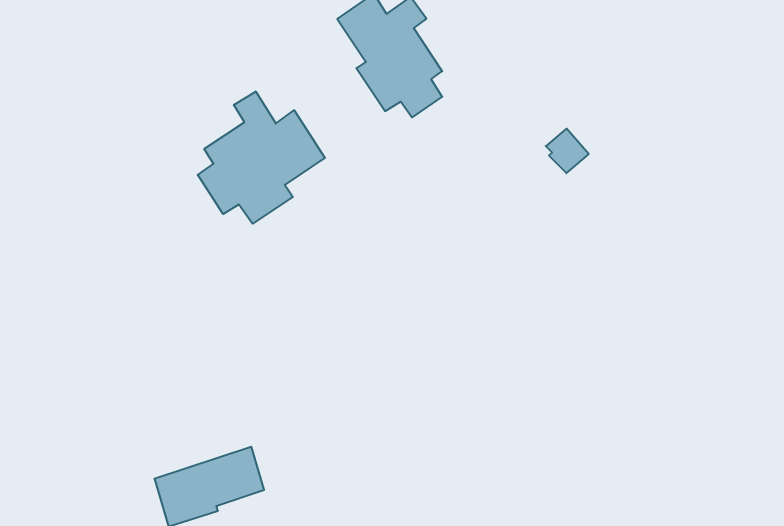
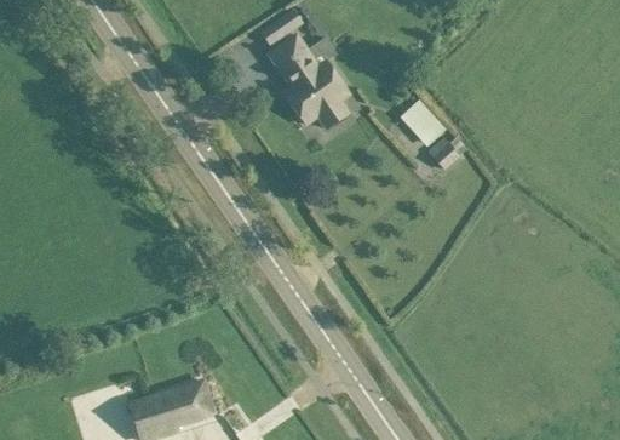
building: none -> [400,99,441,144]
building: [198,91,325,224] -> none

